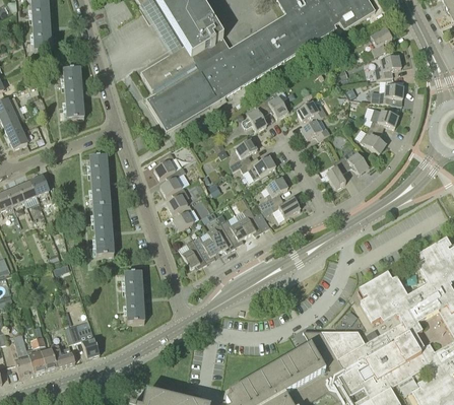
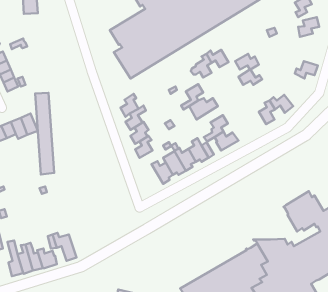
building: [63,68,83,119] -> none
building: [371,84,402,104] -> none
building: [359,125,385,153] -> none
building: [89,154,113,256] -> [35,93,54,175]
building: [181,238,206,267] -> none
building: [124,271,144,323] -> none

